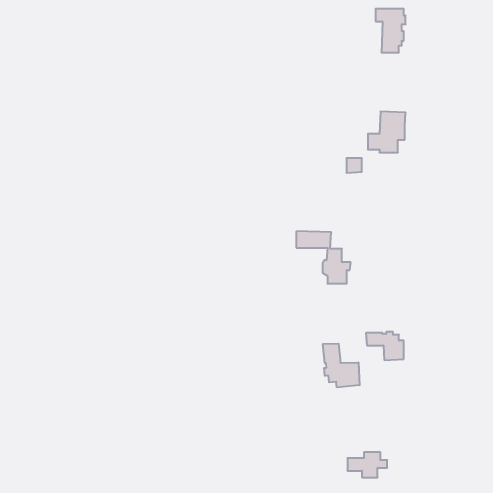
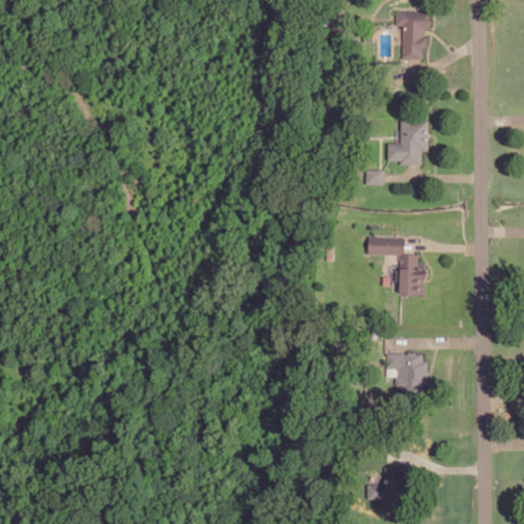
building: [296,231,351,284] -> [367,237,425,293]
building: [323,344,360,387] -> none

